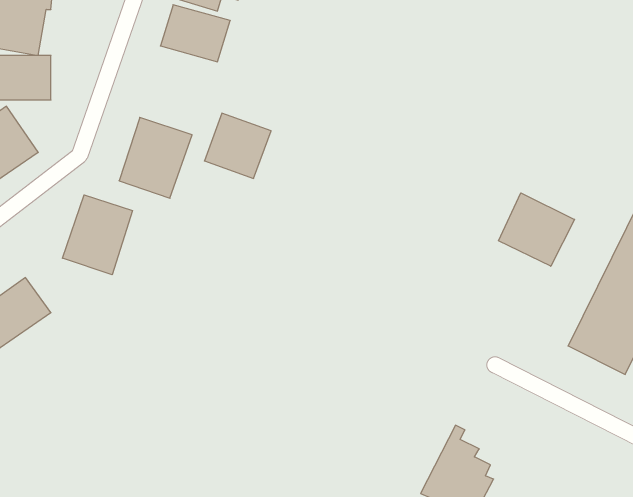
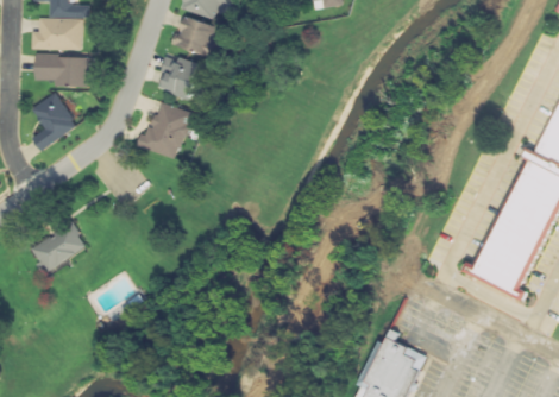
building: [204,113,271,178] -> [153,51,203,100]
building: [498,193,575,266] -> none
building: [62,195,132,275] -> none

